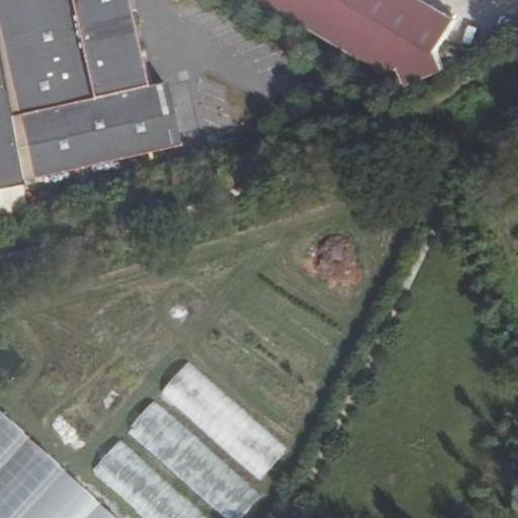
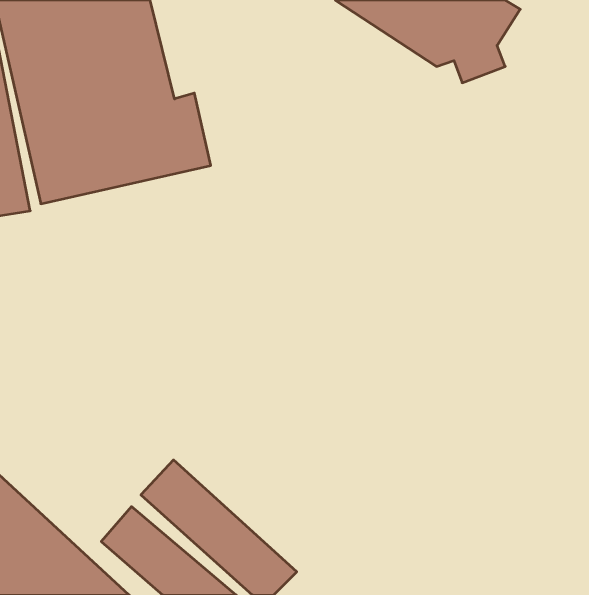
building: [156,364,284,481] -> none

